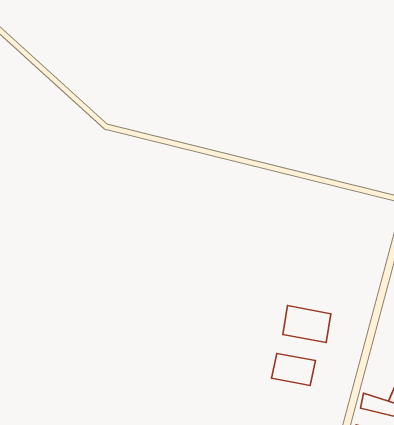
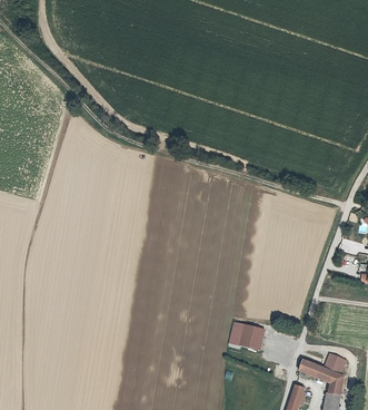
building: [283,306,331,343] -> none

